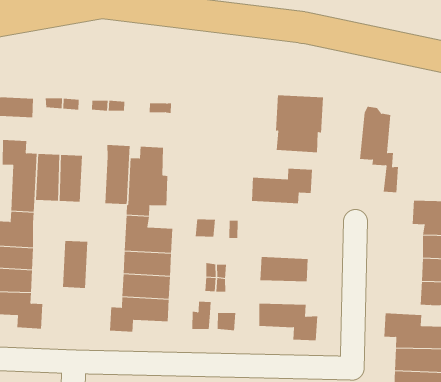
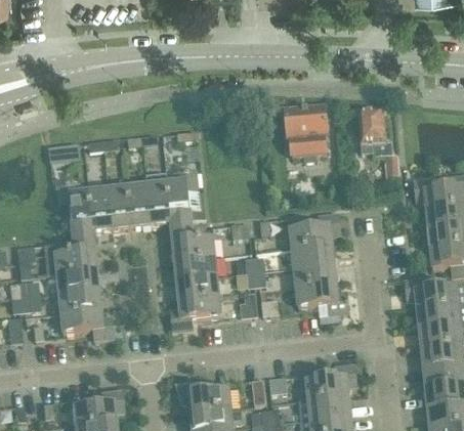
building: [251,168,313,204] -> [289,214,341,249]
building: [62,240,88,288] -> [127,184,152,226]
building: none -> [293,264,336,289]

